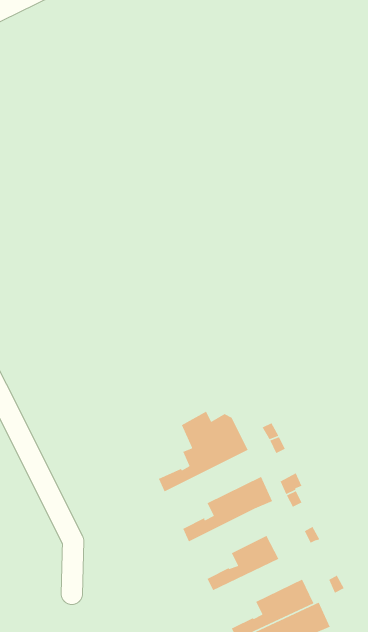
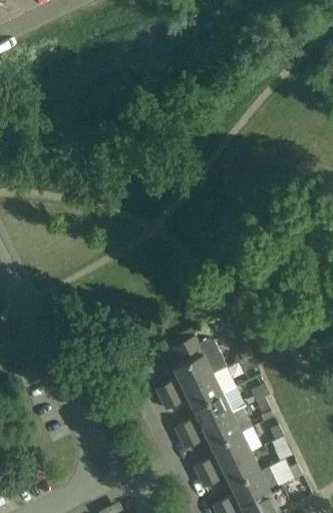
building: none -> [159,367,236,410]
building: none -> [179,413,240,449]
building: none -> [198,452,268,488]

